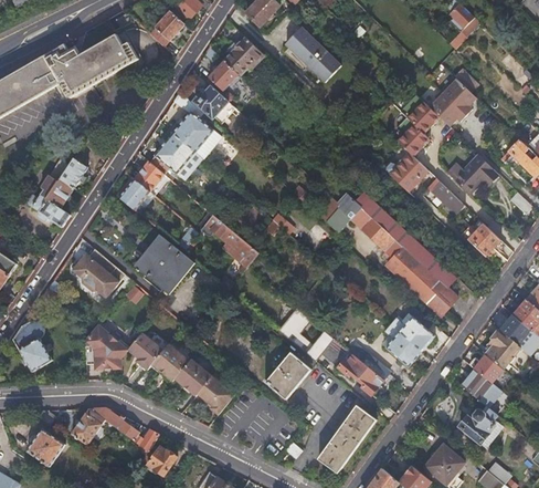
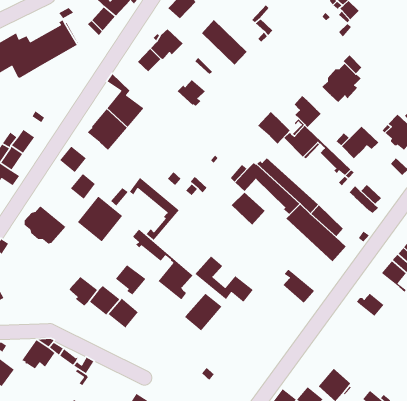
building: [193,86,228,120] -> [177,79,206,107]
building: [399,94,438,134] -> [257,111,290,144]
building: [133,160,163,193] -> [70,173,96,200]
building: none -> [231,192,266,225]
building: none -> [132,229,193,300]
building: [389,304,438,351] -> none
building: [84,322,128,370] -> none
building: [486,330,520,367] -> none
building: [337,354,382,395] -> none
building: [461,367,498,404] -> none
building: [197,376,234,414] -> [115,264,146,296]
building: [317,405,376,473] -> none
building: [458,407,497,443] -> none
building: [146,446,176,476] -> none

